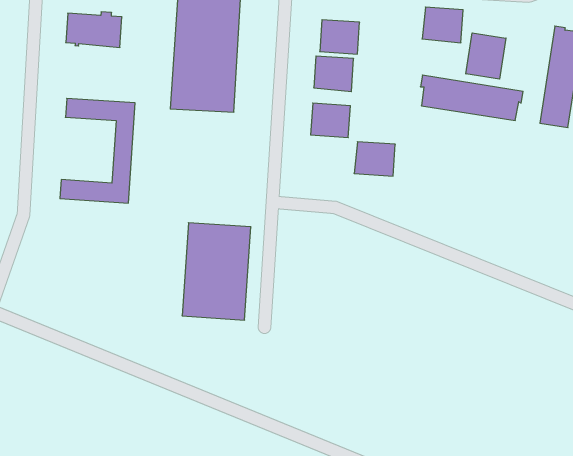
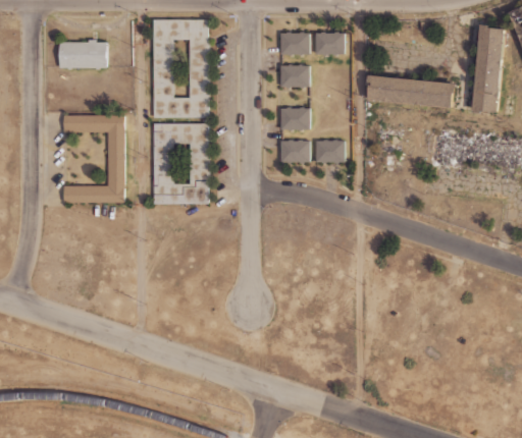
building: [422,7,463,43] -> [315,31,349,59]
building: [466,33,506,79] -> none
building: none -> [276,134,309,162]
building: [182,223,251,320] -> [153,123,207,204]

